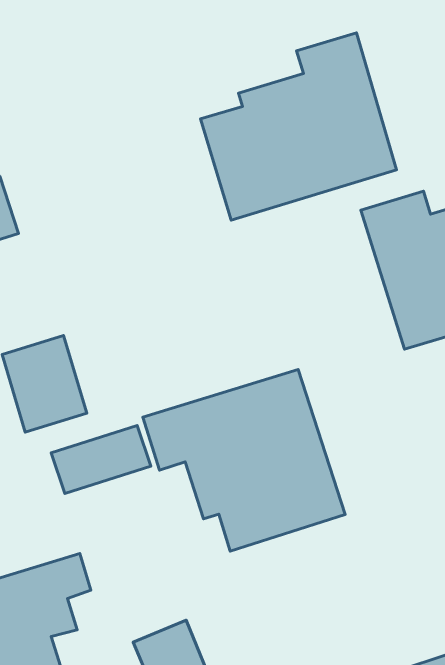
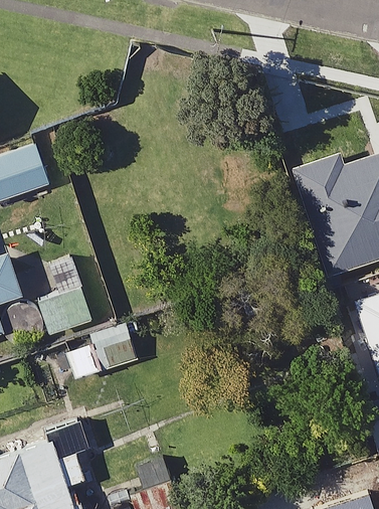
building: [200,33,396,220] -> none
building: [143,369,345,551] -> none

